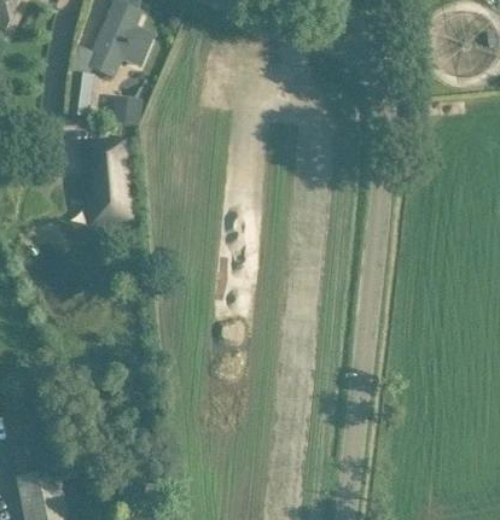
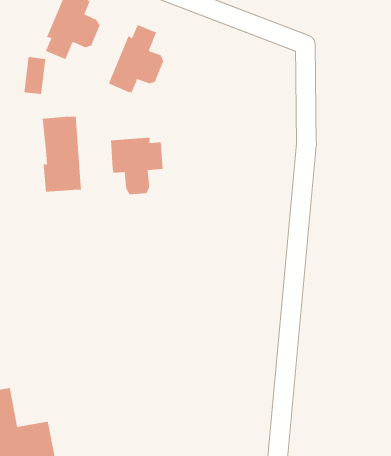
building: none -> [108,24,164,93]
building: none -> [110,137,163,195]

